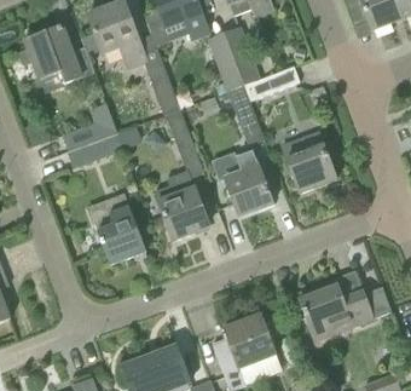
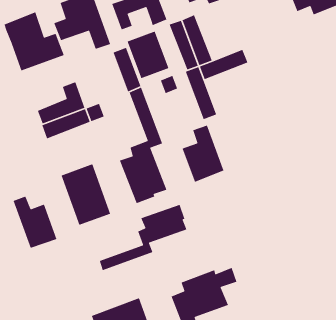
building: none -> [127,30,169,79]
building: [282,132,335,192] -> none
building: none -> [13,195,57,249]
building: none -> [99,204,188,271]
building: [296,280,390,340] -> none

